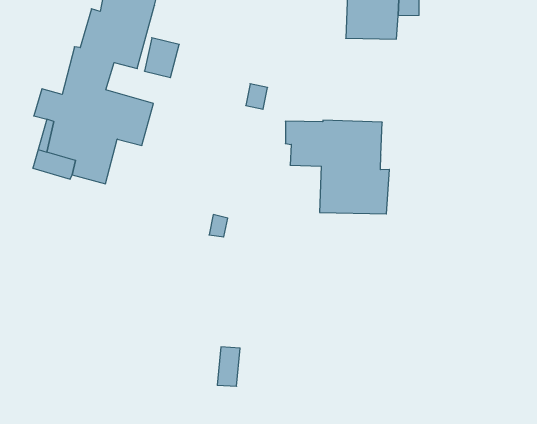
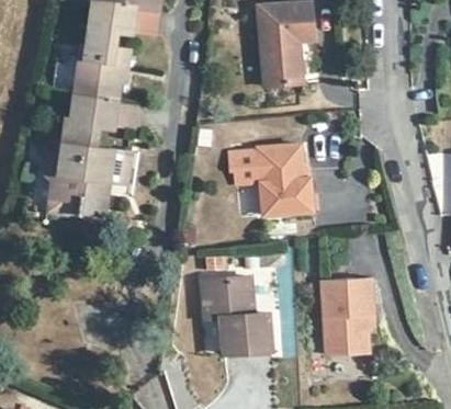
building: none -> [202,275,270,353]
building: none -> [320,279,372,353]

